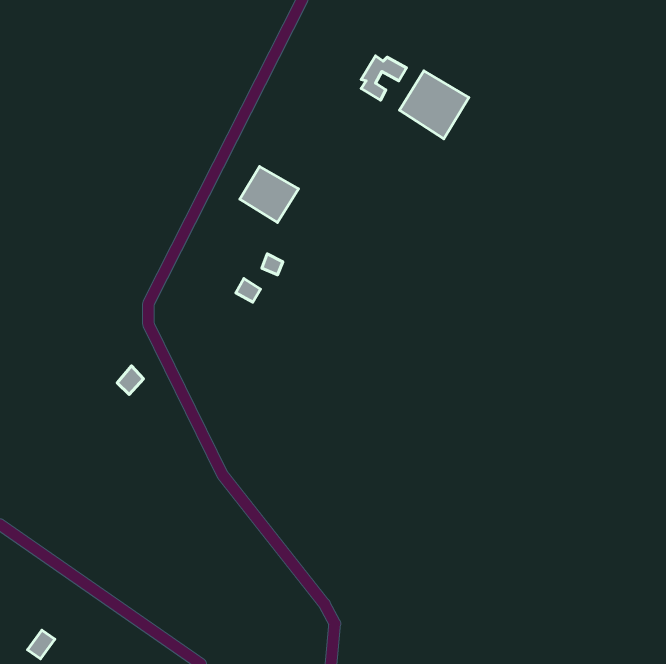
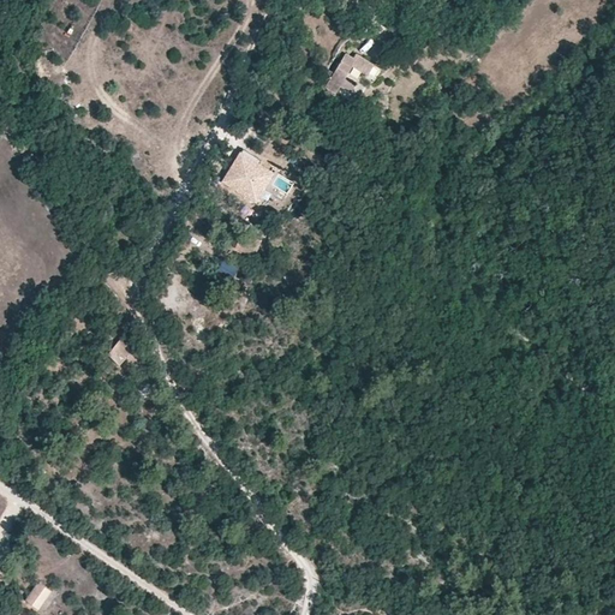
building: [400,71,469,139] -> none

